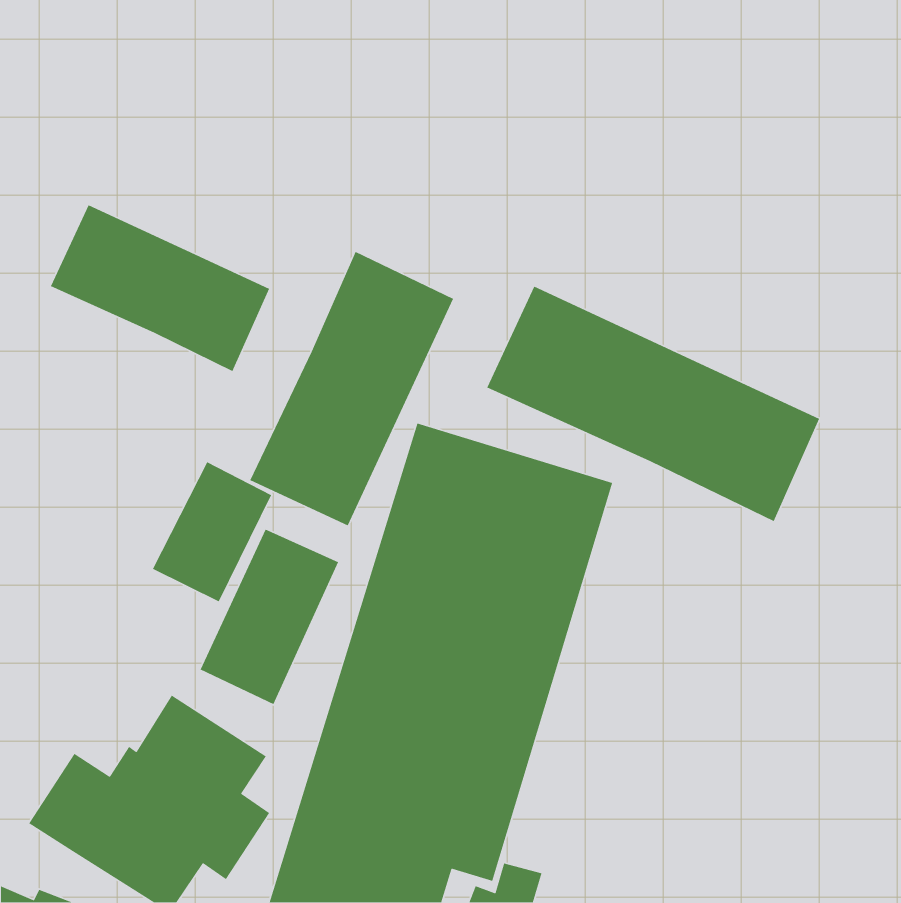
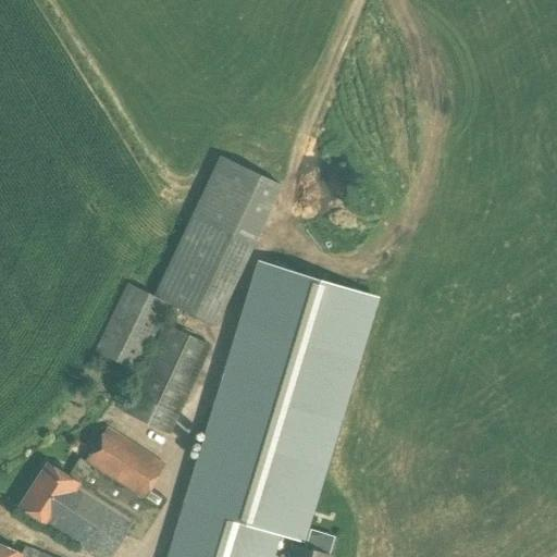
building: [50,204,270,372] -> none
building: [486,286,820,522] -> none

